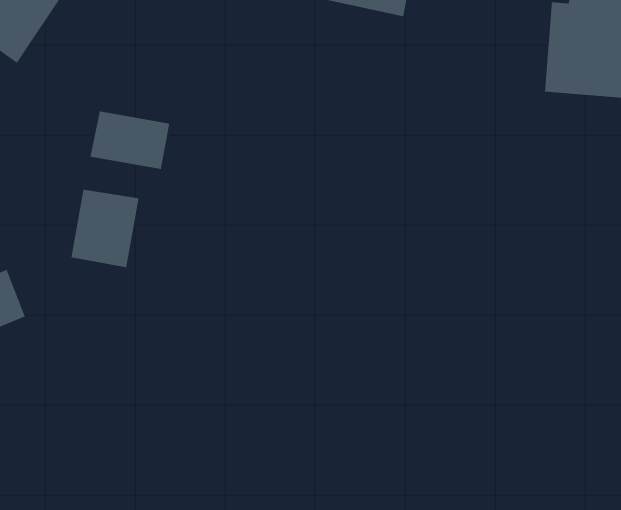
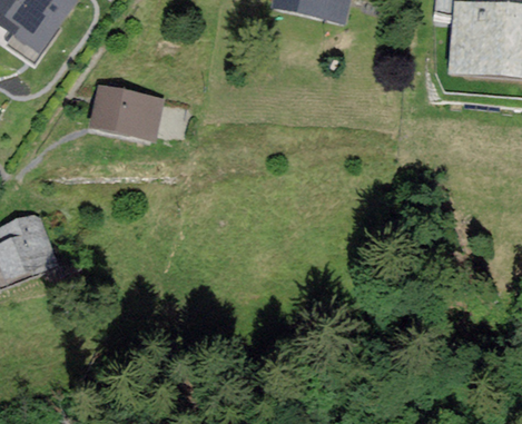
building: [70,189,140,268] -> none

